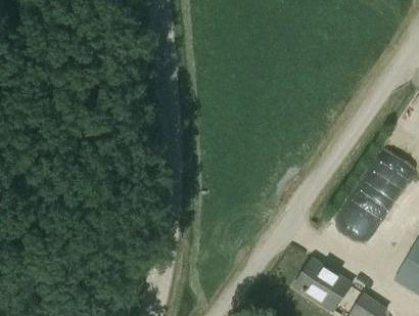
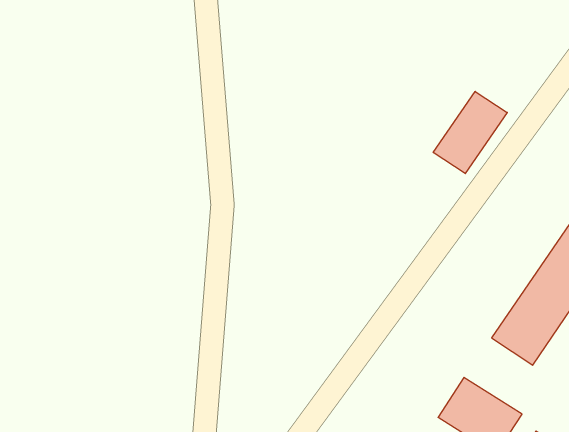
building: none -> [433,91,507,174]

